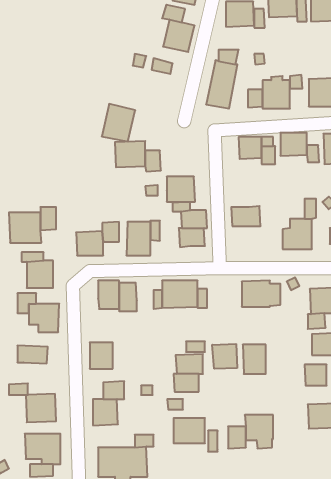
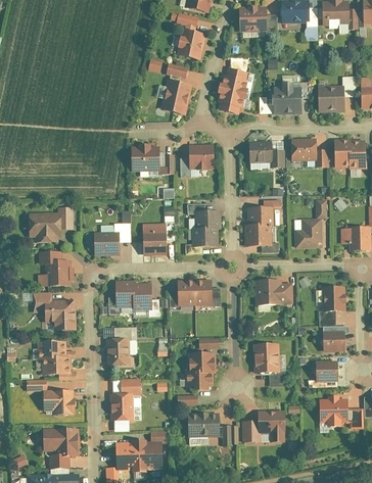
building: [102,104,135,142] -> [159,79,192,115]
building: [167,177,195,202] -> [190,142,218,166]
building: none -> [244,227,272,245]
building: [212,344,237,369] -> none
building: none -> [42,359,72,377]

